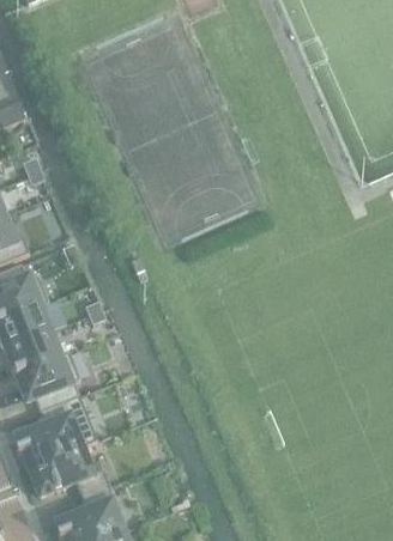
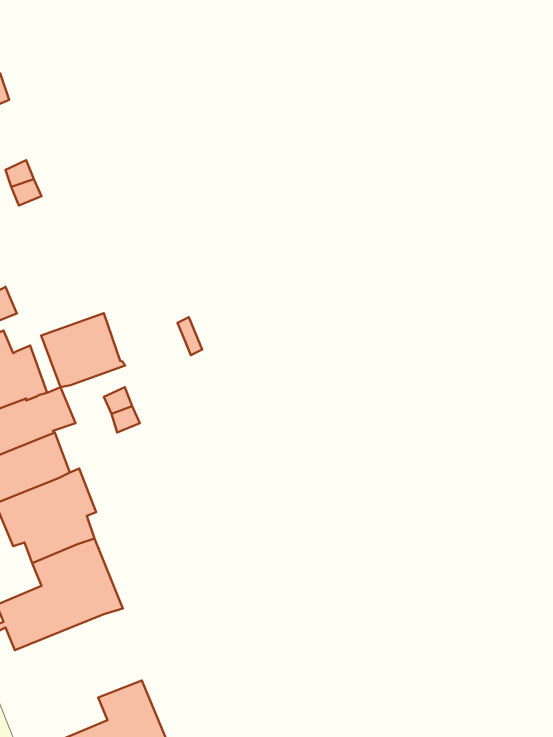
building: none -> [41,313,125,387]
building: [28,443,108,496] -> none

